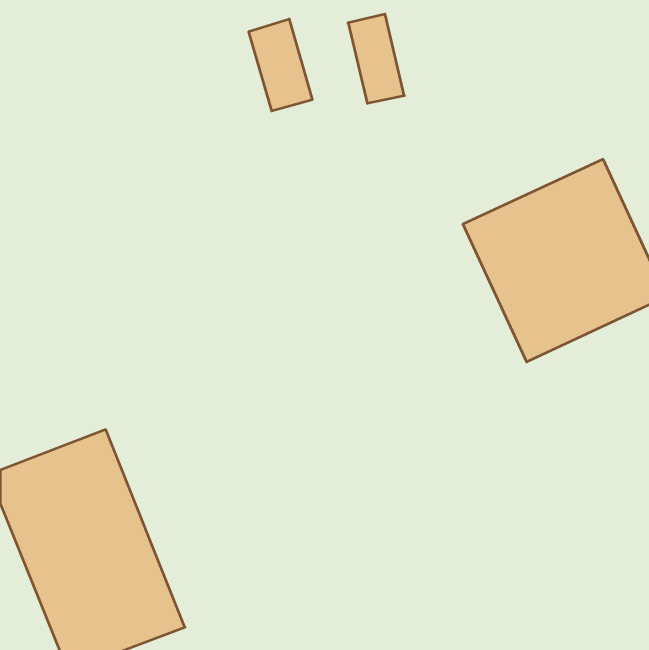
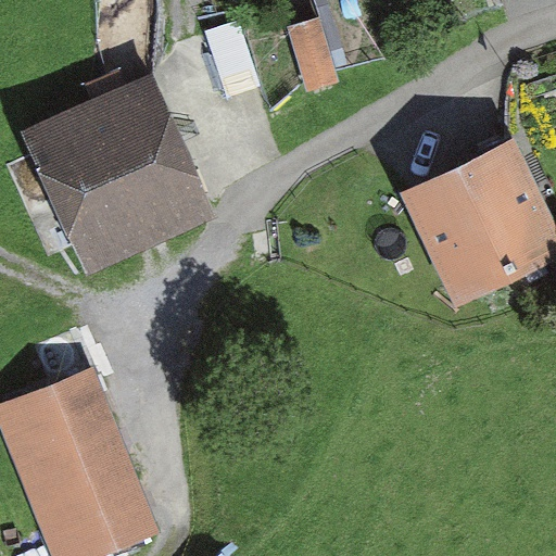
building: none -> [15,67,215,278]

